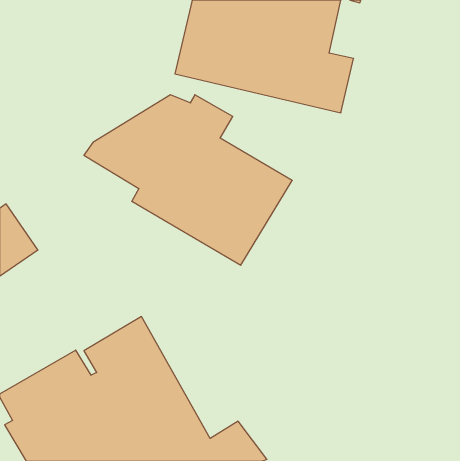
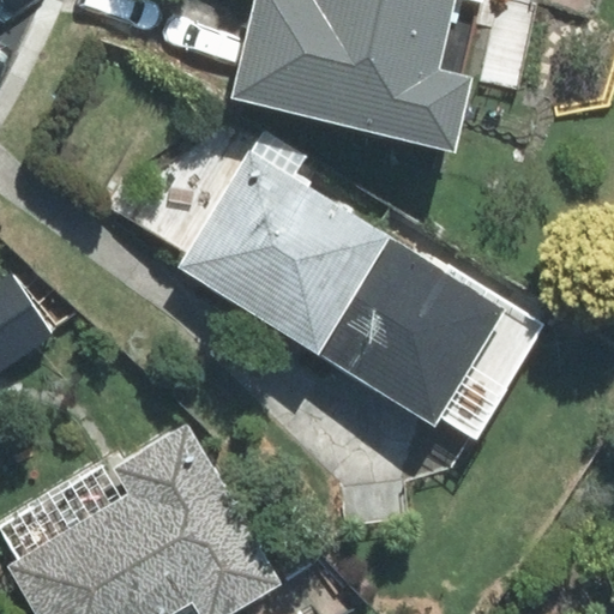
building: none -> [320,240,544,438]

